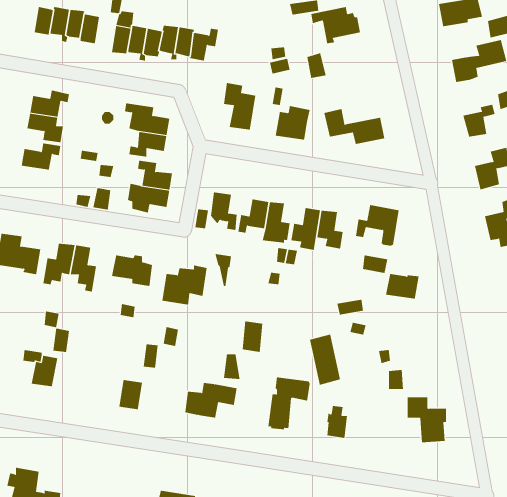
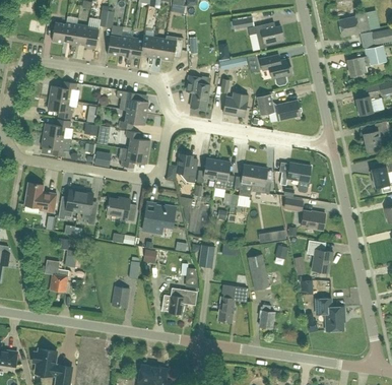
building: none -> [259,55,291,85]
building: none -> [41,135,68,157]
building: none -> [307,241,333,273]

